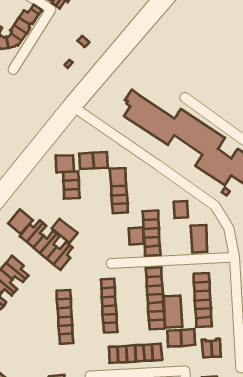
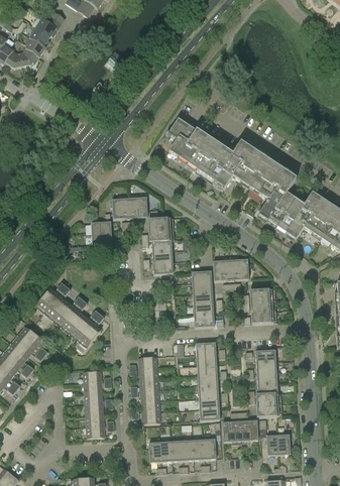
building: [56,155,74,173] -> none
building: [8,209,33,234] -> none
building: [52,219,78,243] -> none
building: [129,228,144,244] -> [213,259,232,280]
building: [164,295,182,328] -> none

